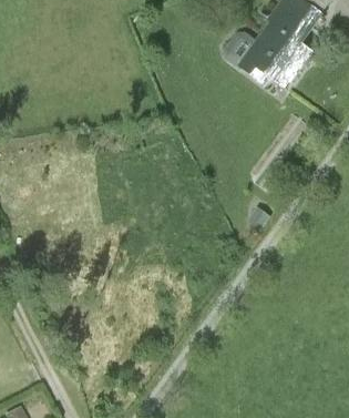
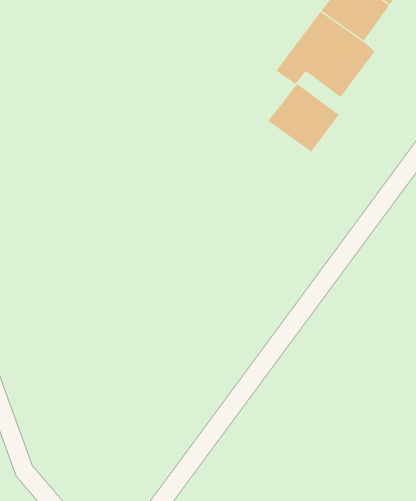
building: none -> [268,83,339,153]

